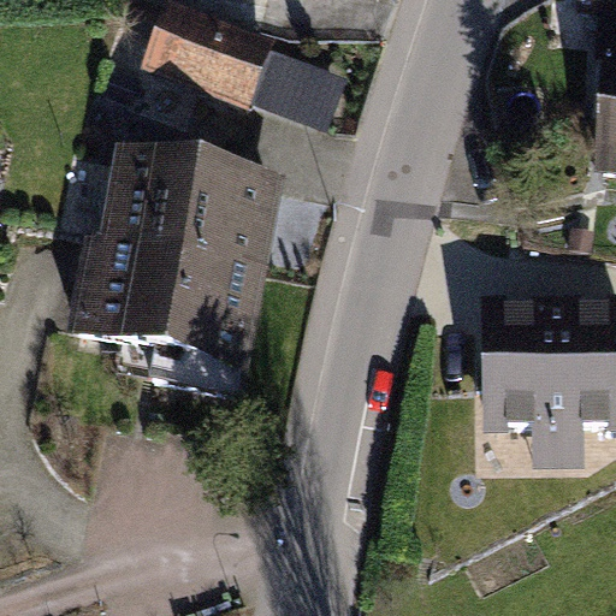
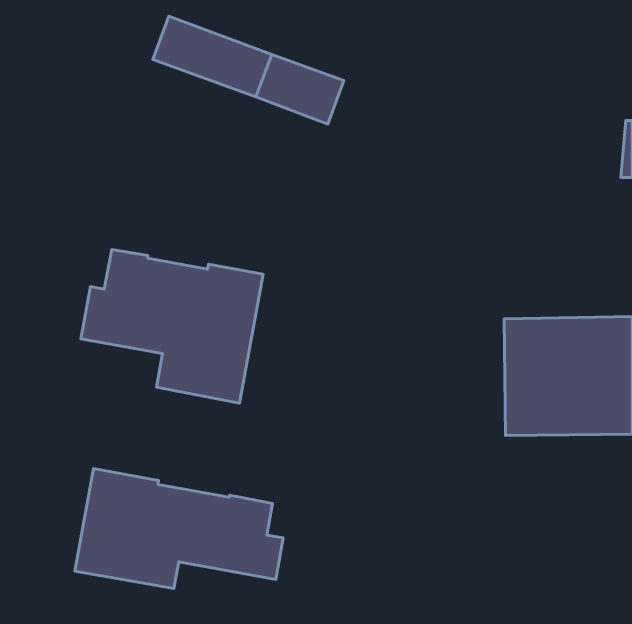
building: [108,149,271,266] -> none
building: none -> [75,468,283,588]

